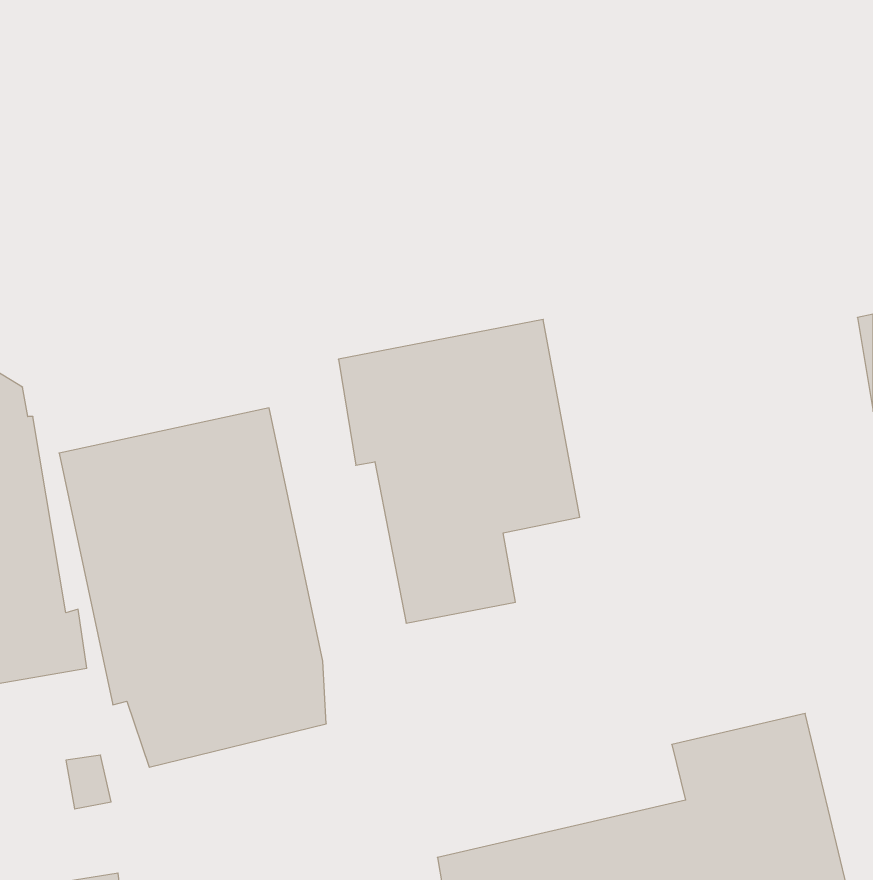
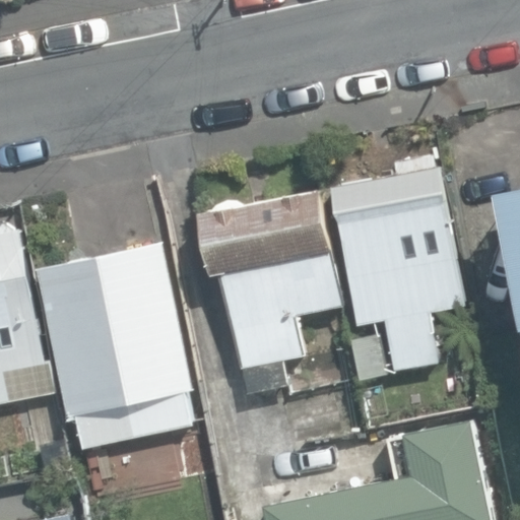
building: none -> [329,151,471,379]

